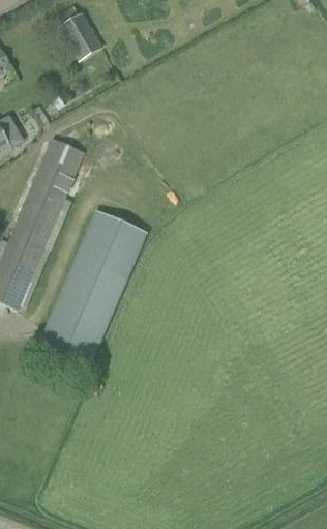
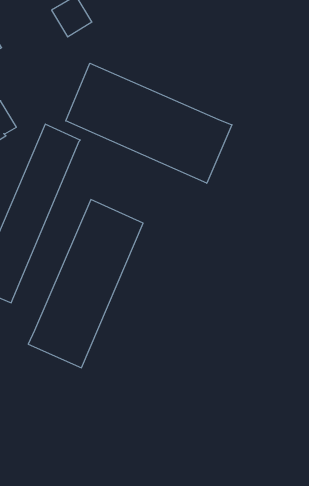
building: none -> [66,63,232,183]

